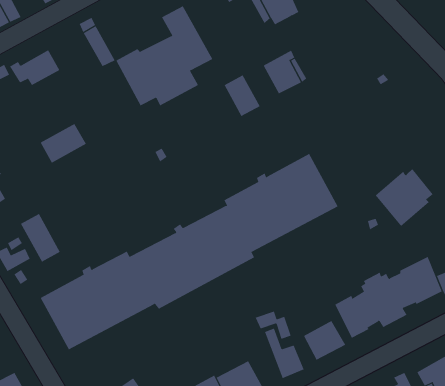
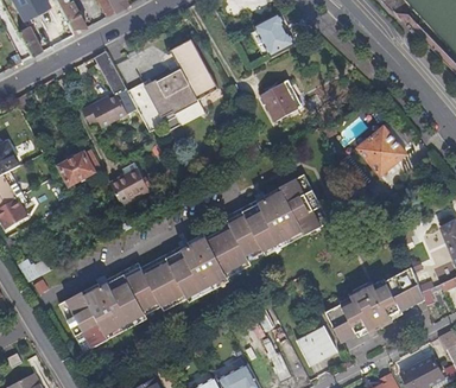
building: [9,49,60,86] -> [82,94,128,127]
building: [224,74,260,117] -> none
building: none -> [109,161,150,204]
building: [375,168,433,227] -> [357,122,411,176]
building: [20,213,61,262] -> none

